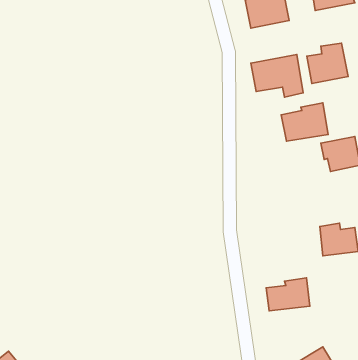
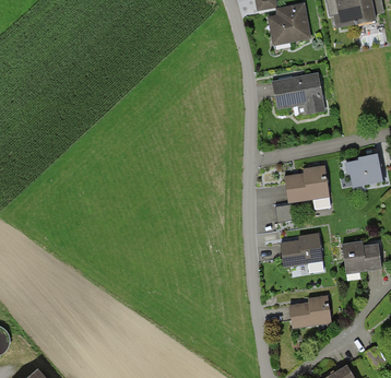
building: [307,43,348,84] -> none
building: [281,103,328,141] -> [282,165,329,203]
building: none -> [280,233,322,267]

